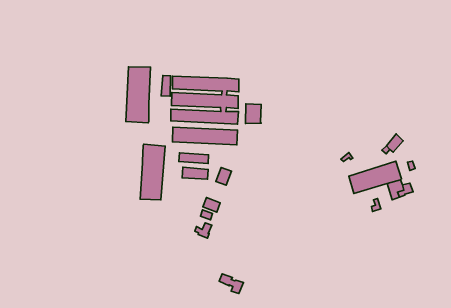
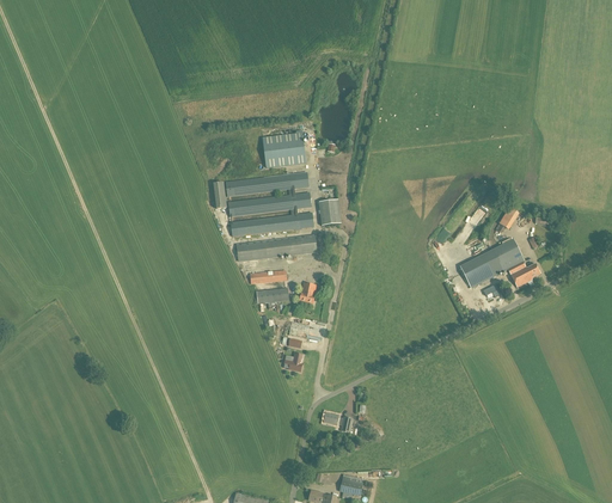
building: none -> [262,129,305,167]
building: [126,67,150,123] -> none
building: [140,144,165,200] -> none

